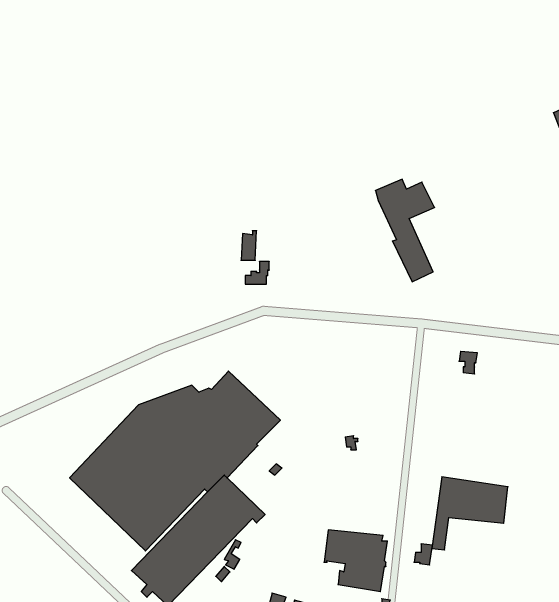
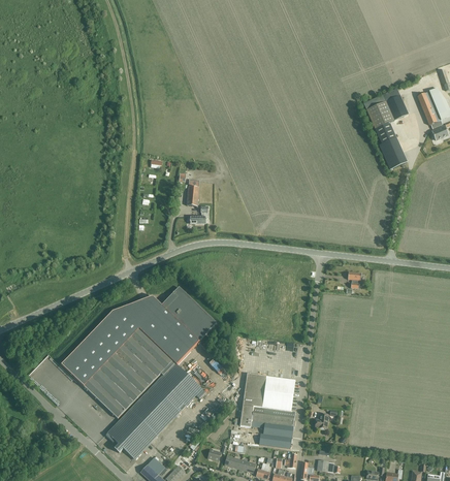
building: [375,179,435,282] -> [364,93,408,168]
building: [432,477,508,550] -> [239,373,295,426]

